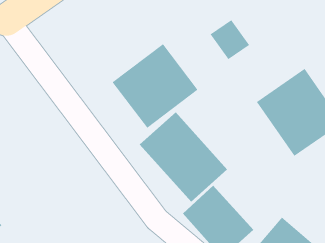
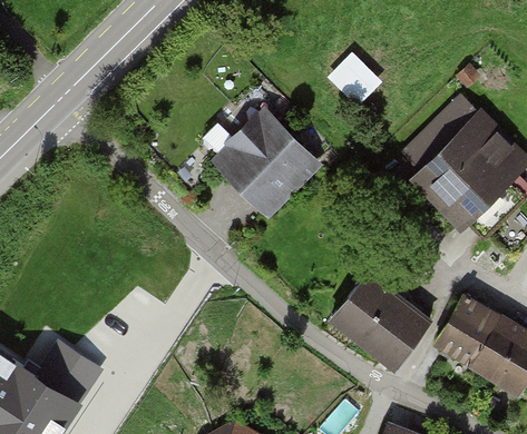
building: [139,112,228,202] -> none

